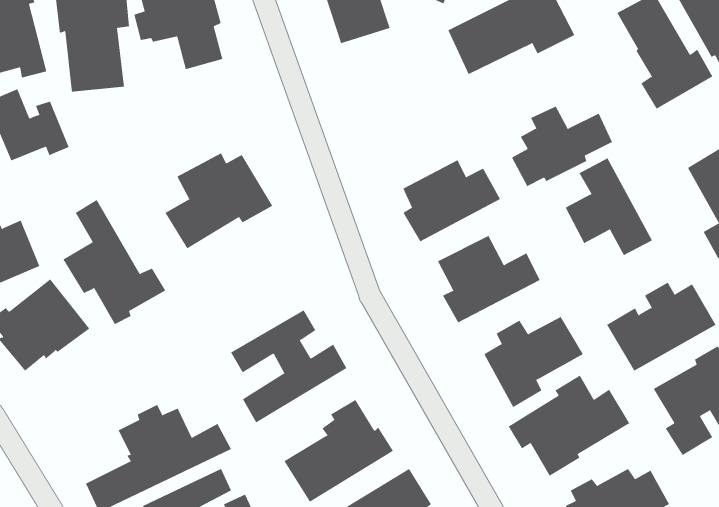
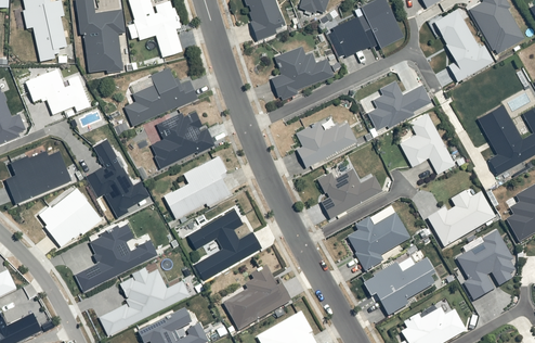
building: none -> [272,43,336,97]
building: none -> [126,64,199,124]
building: none -> [167,152,234,219]
building: none -> [75,224,157,291]

